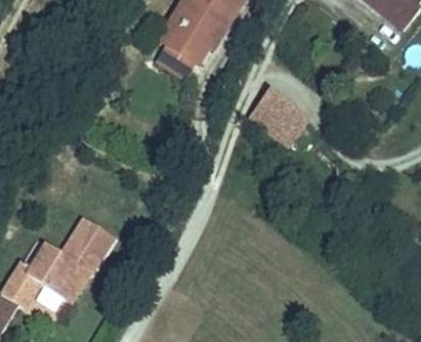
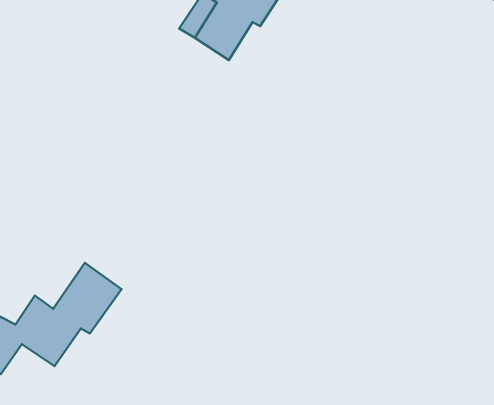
building: [253,90,306,141] -> none

